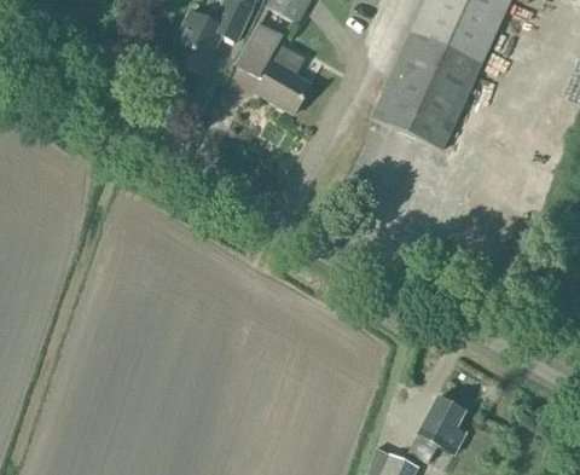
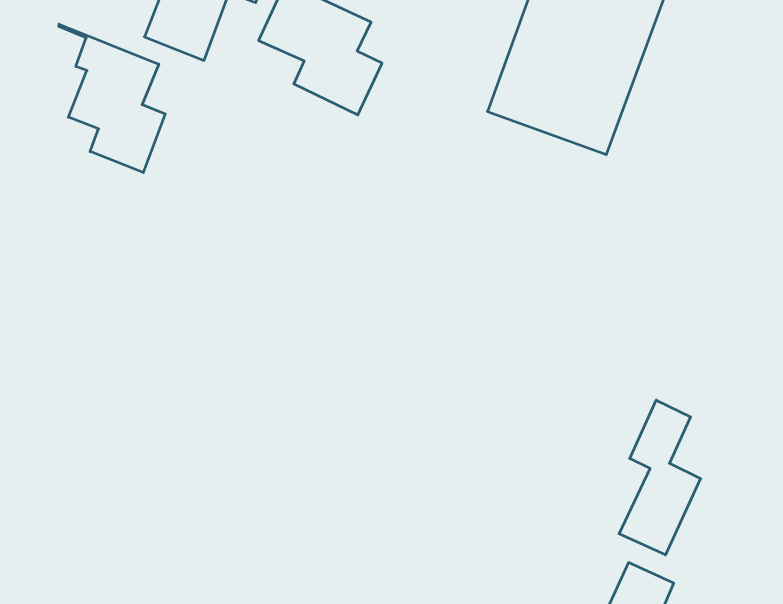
building: none -> [59,24,165,173]
building: none -> [619,400,701,555]

